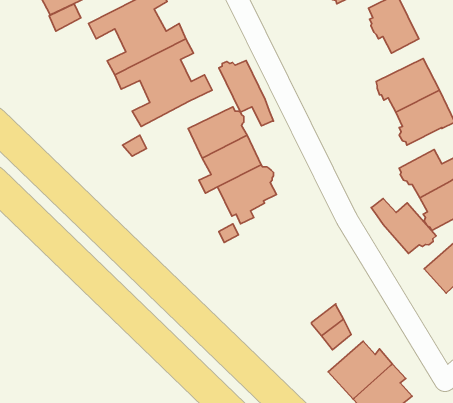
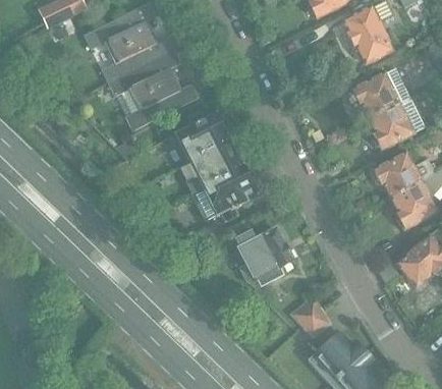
building: [219,61,274,126] -> none
building: [371,198,436,254] -> none
building: none -> [237,228,292,284]

